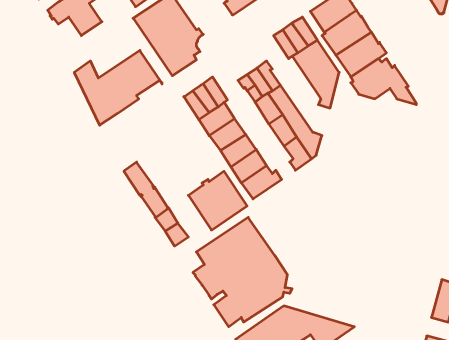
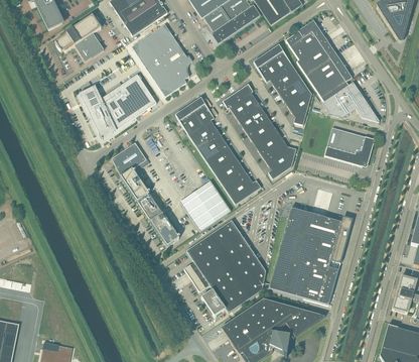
building: none -> [324,126,375,166]
building: none -> [111,141,149,179]
building: none -> [268,207,351,305]

